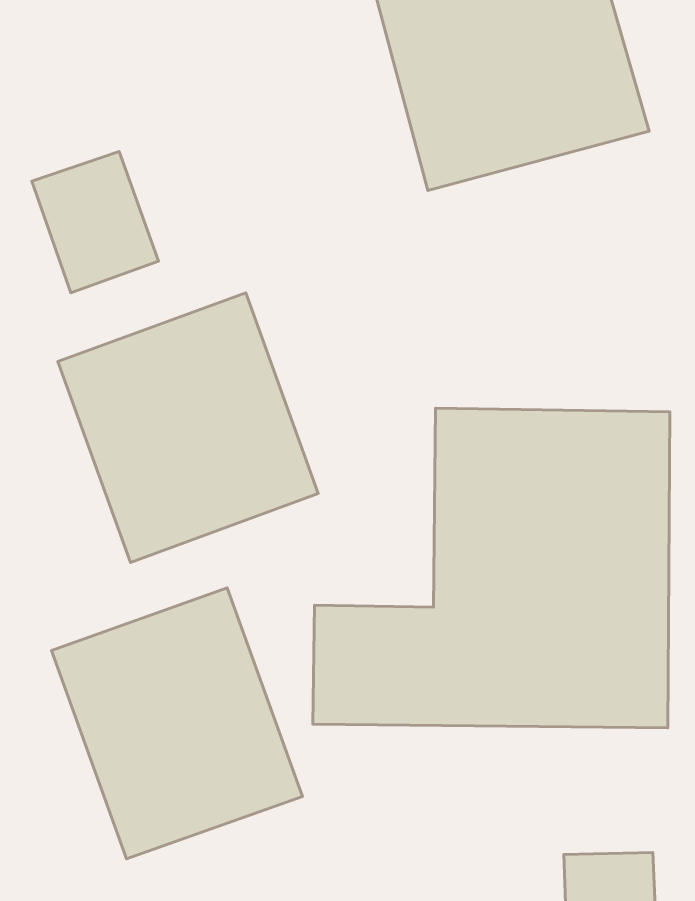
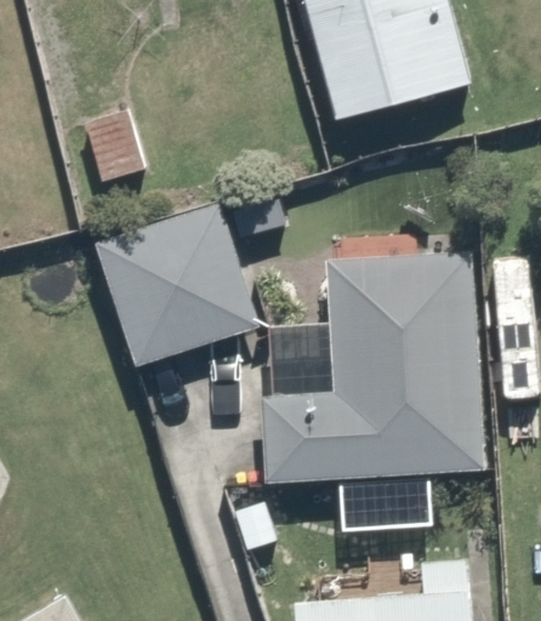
building: [51,588,302,859] -> none

